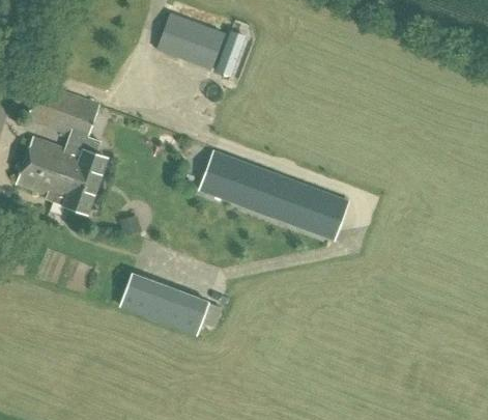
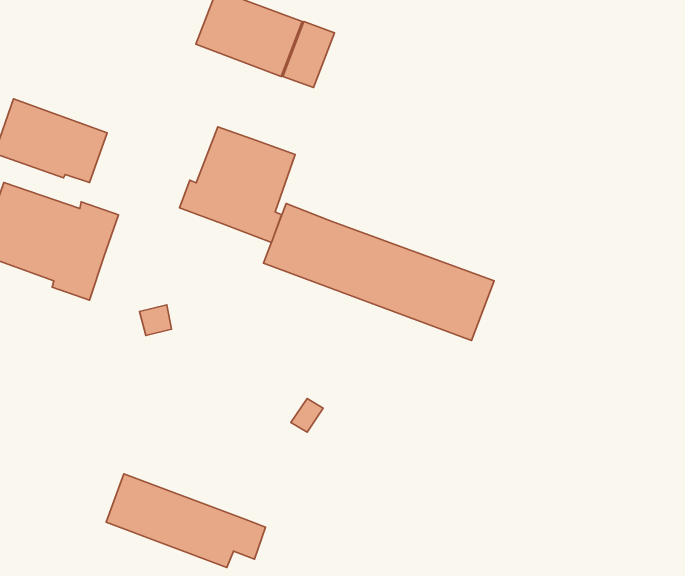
building: none -> [179,127,295,242]
building: [120,274,223,334] -> [106,474,266,567]

